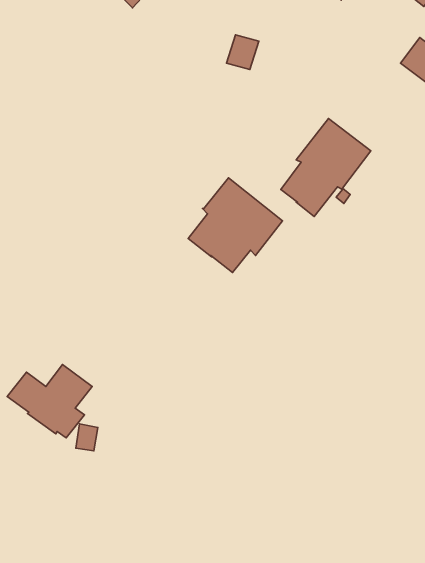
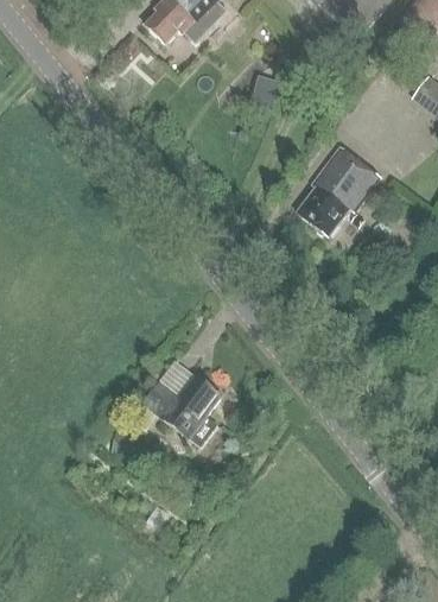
building: [188,178,283,272] -> none
building: [7,364,92,438] -> [141,372,220,439]

